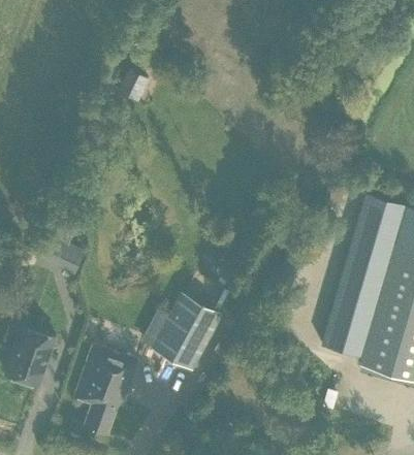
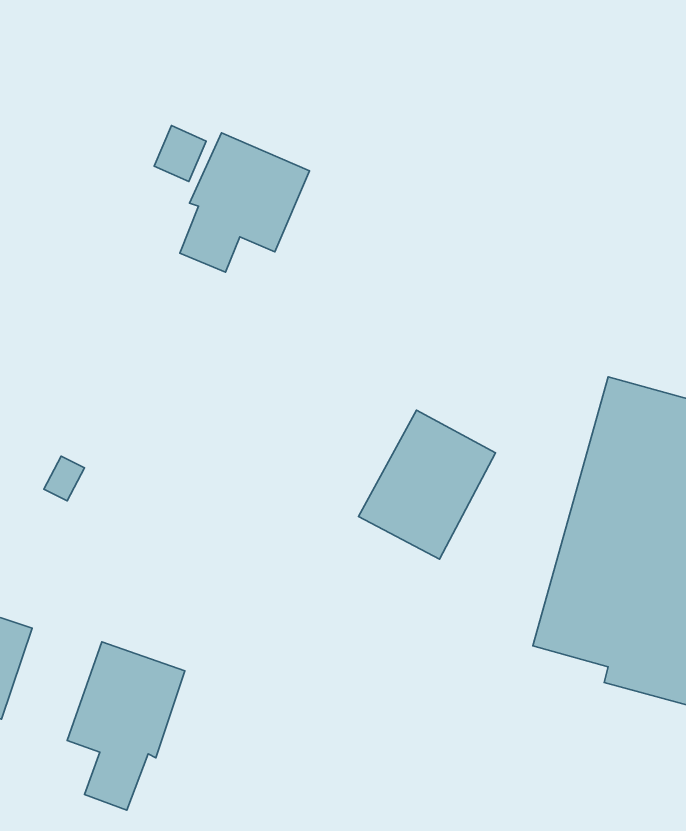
building: none -> [180,133,310,272]
building: [150,291,223,370] -> [358,410,496,559]

